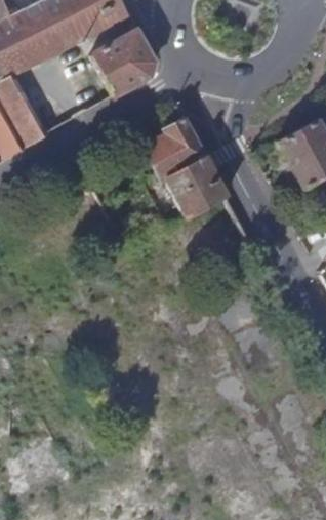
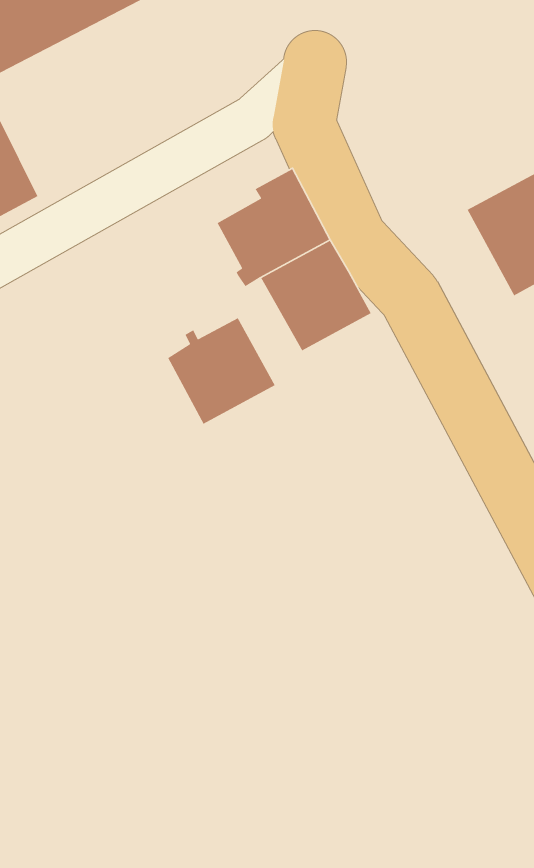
building: [92,32,157,96] -> none
building: none -> [167,317,276,425]

